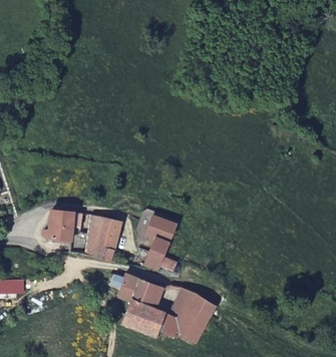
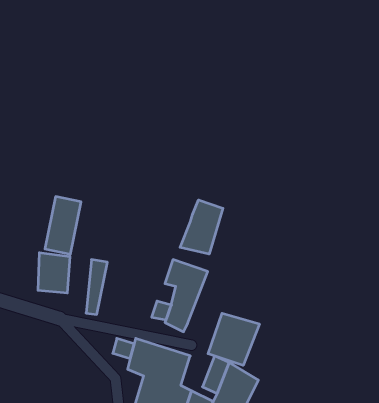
building: none -> [180,200,223,254]
building: [94,217,121,260] -> [45,197,81,254]
building: none -> [208,313,259,365]

